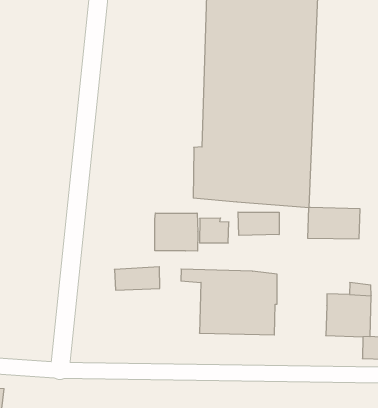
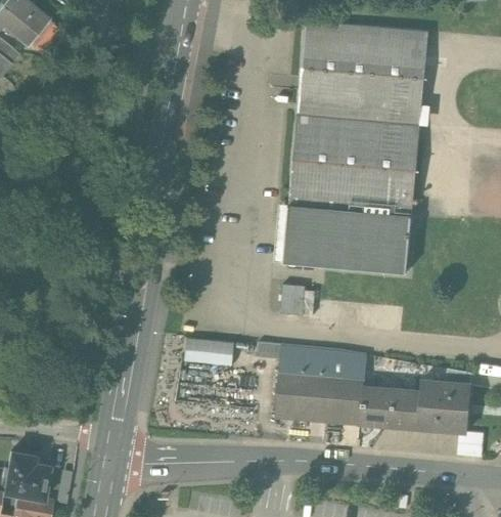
building: [308,207,360,239] -> [358,388,419,427]
building: [238,212,279,235] -> none
building: [155,213,198,251] -> none

